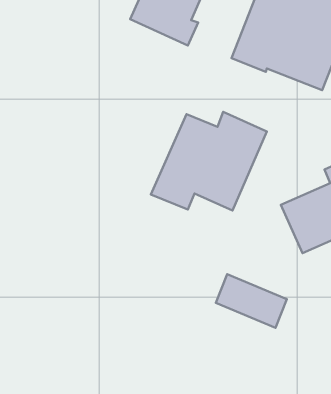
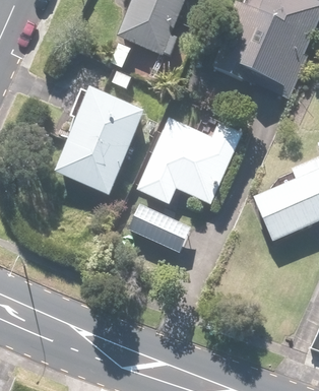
building: none -> [55,84,148,195]
building: [216,274,287,328] -> [127,203,190,251]

